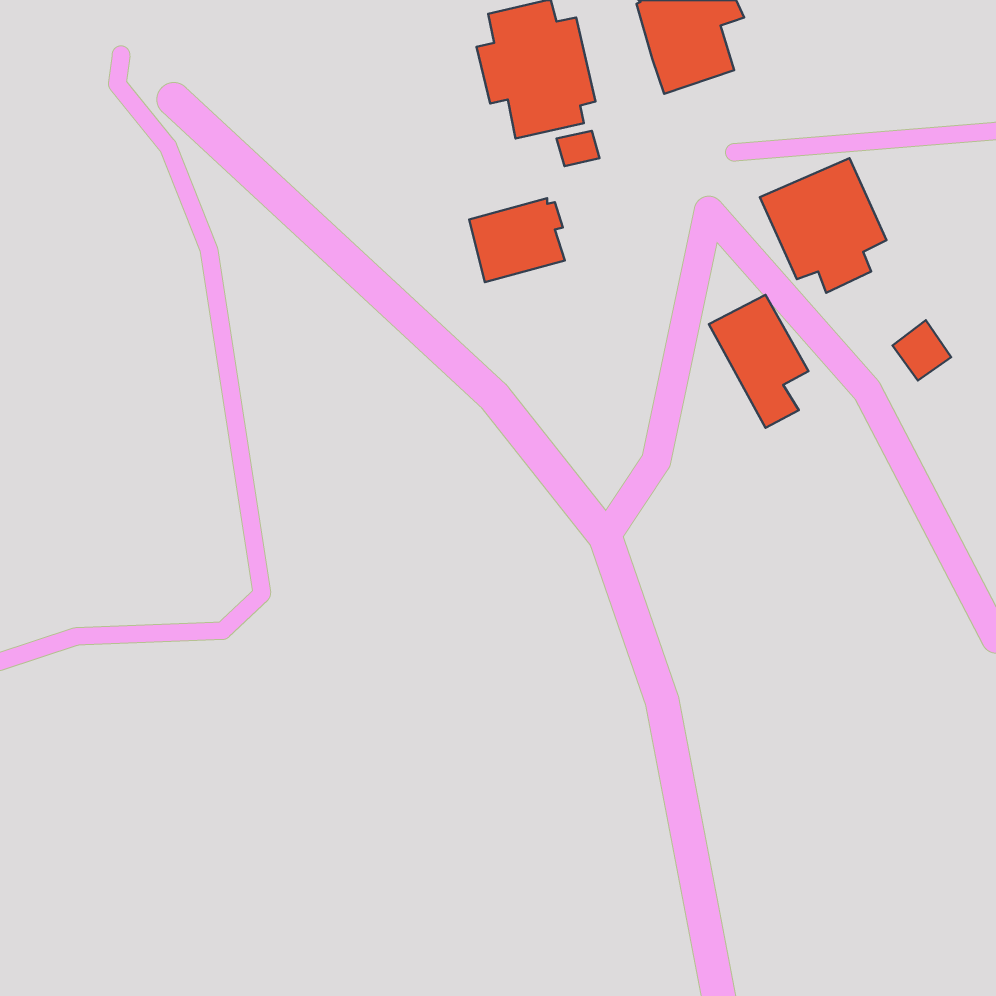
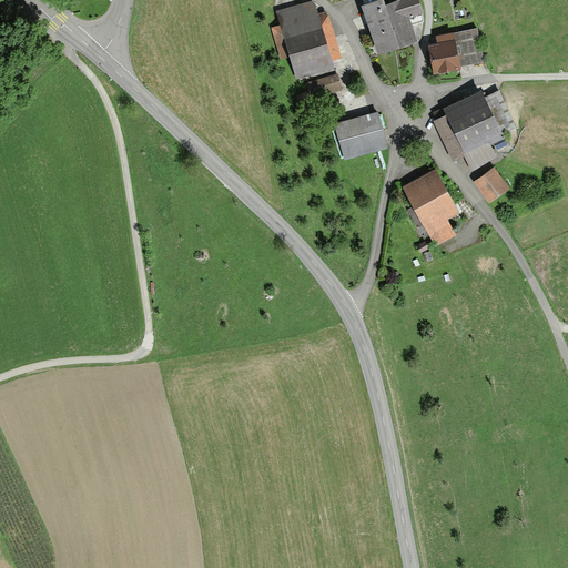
building: none -> [428,29,483,73]
building: [469,198,565,282] -> [334,112,388,160]
building: [893,320,951,381] -> [474,168,507,202]

